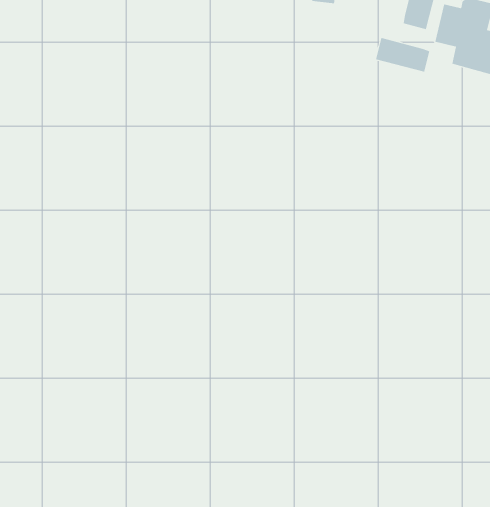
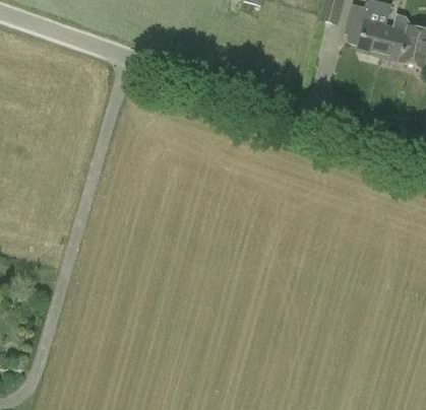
building: [375,37,430,73] -> none

